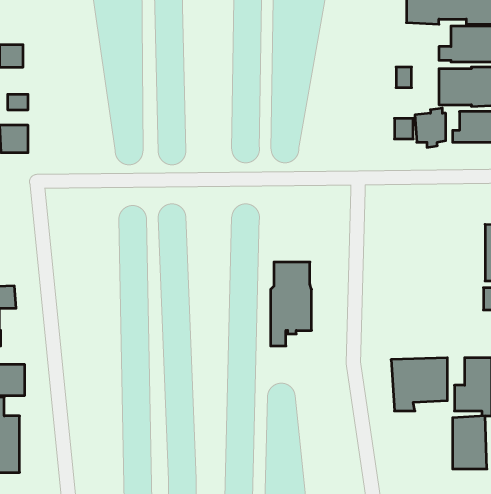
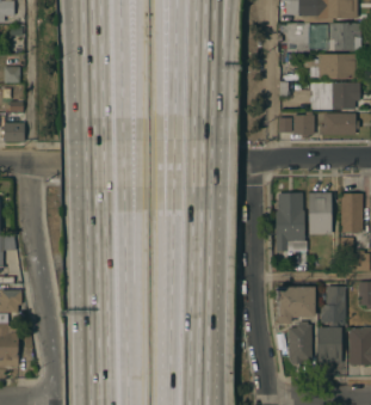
building: none -> [309,192,332,234]
building: [271,262,312,346] -> [276,192,304,251]
building: none -> [289,320,311,363]

